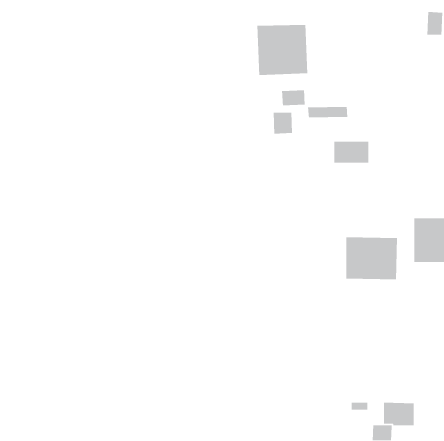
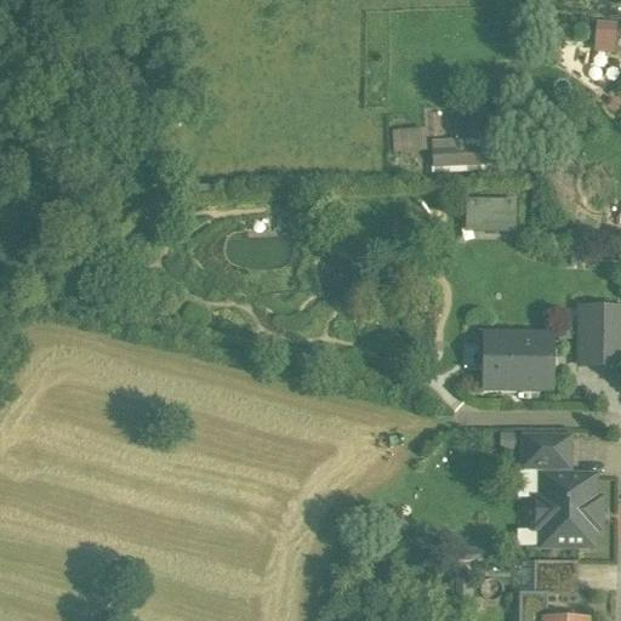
building: [257,24,308,76] -> none
building: [273,112,293,135] -> none
building: none -> [524,437,570,467]
building: none -> [535,475,602,547]

